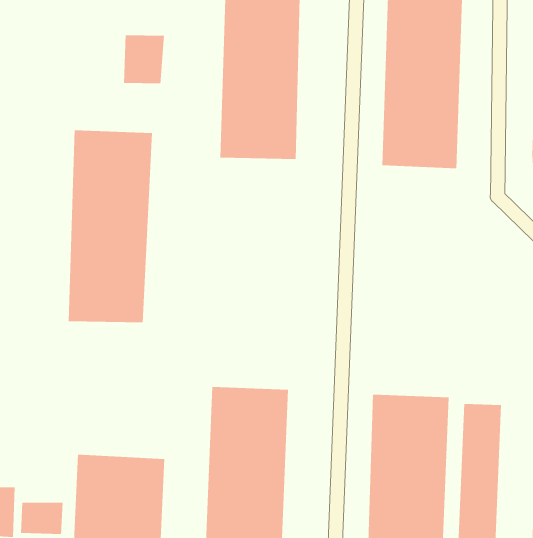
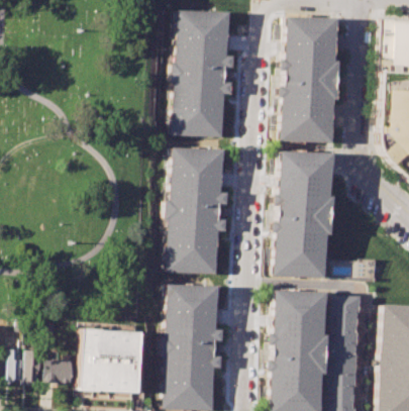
building: [124,34,164,84] -> none
building: [68,130,153,323] -> [170,147,225,274]
building: none -> [276,151,330,278]

